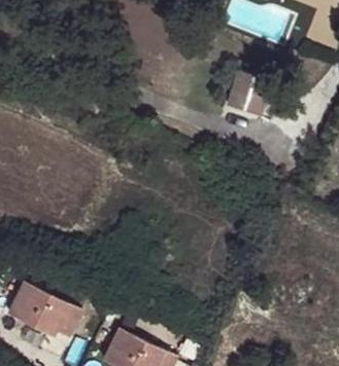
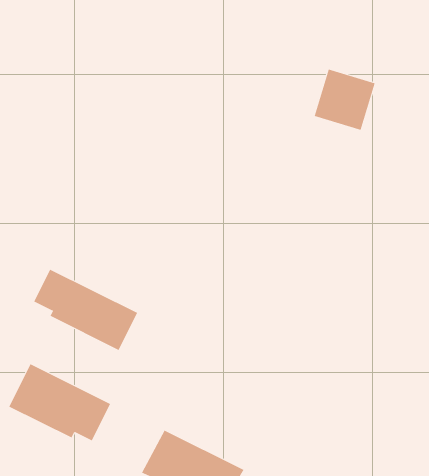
building: none -> [33,269,138,351]

